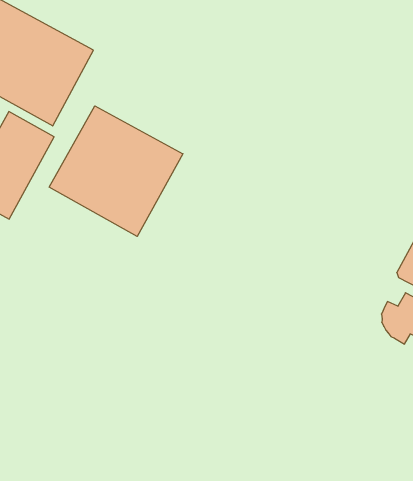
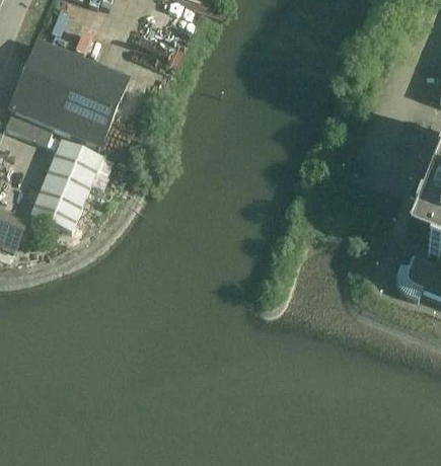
building: [49,106,183,236] -> none

